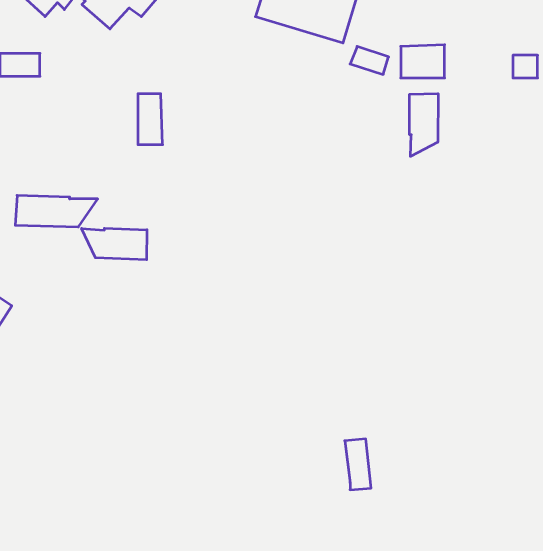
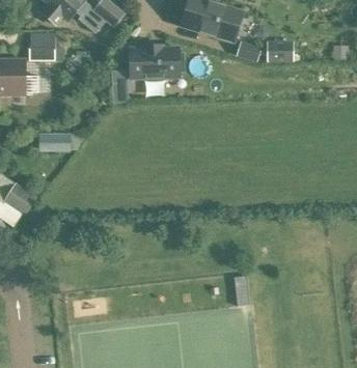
building: none -> [130,47,183,82]
building: [410,94,438,156] -> none
building: [82,228,147,260] -> none

